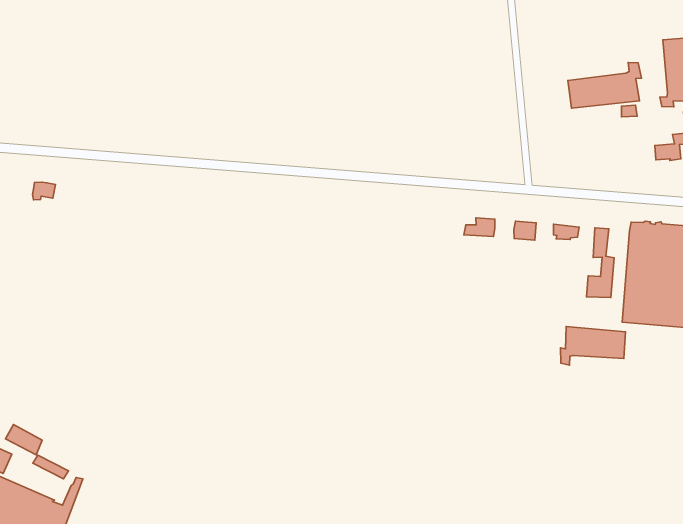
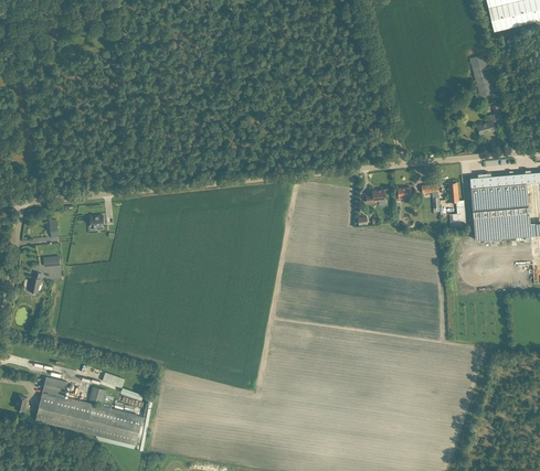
building: [568,63,642,108] -> none
building: [560,327,626,365] -> none

